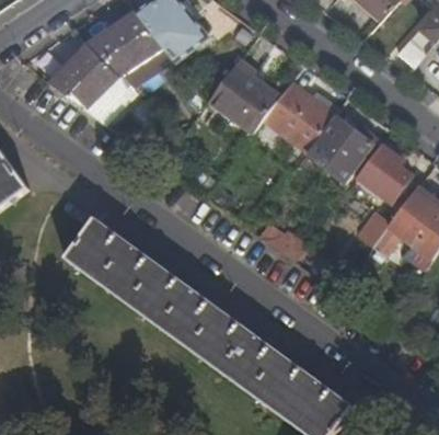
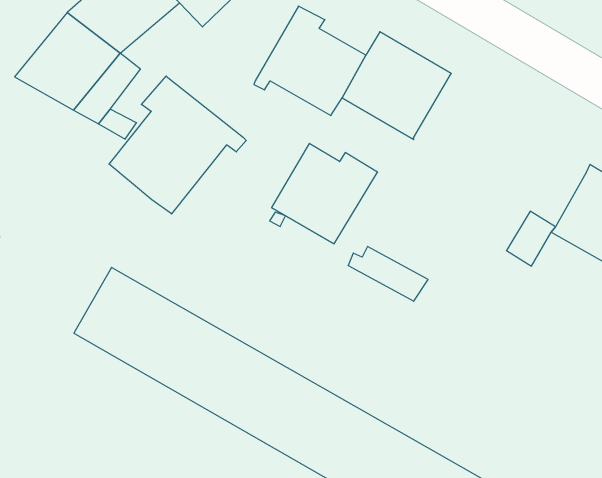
building: none -> [109,76,246,214]
building: [303,115,376,183] -> [272,143,378,244]
building: [358,144,409,203] -> none

